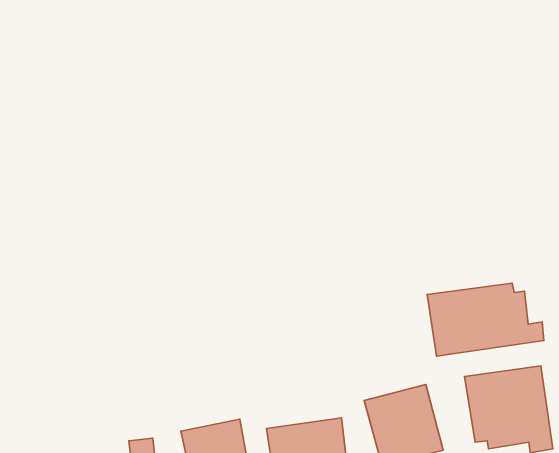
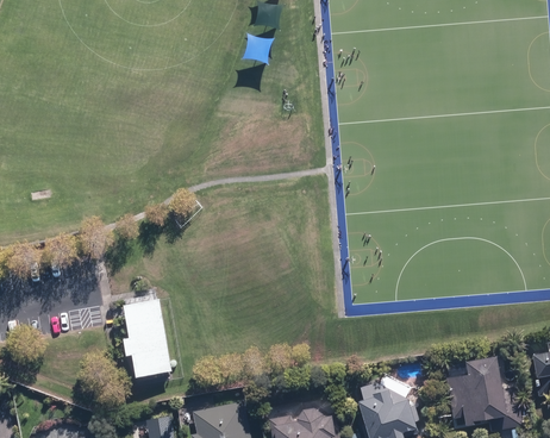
building: [427,283,544,356] -> none
building: none -> [124,305,171,382]

